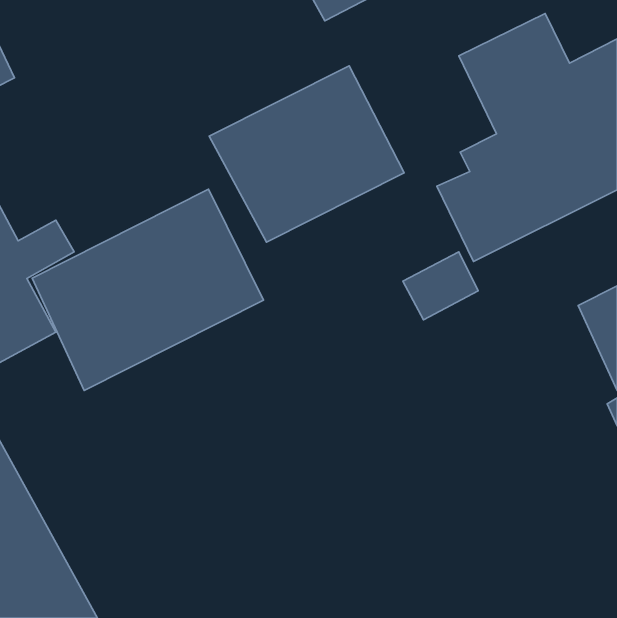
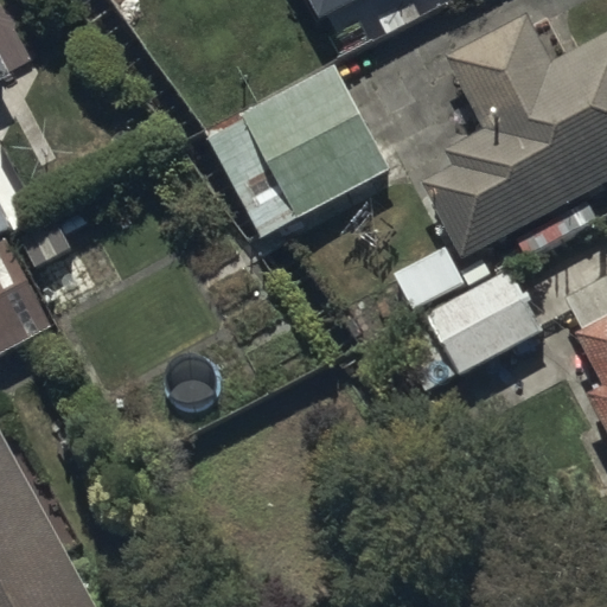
building: [32,189,263,391] -> none
building: none -> [397,268,544,392]

